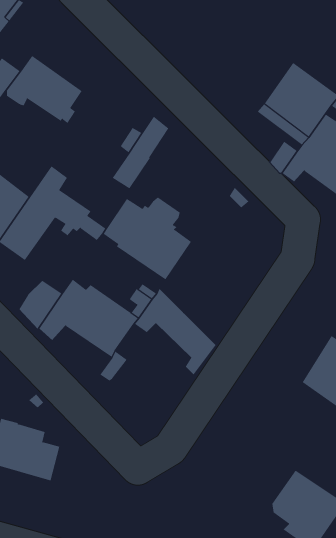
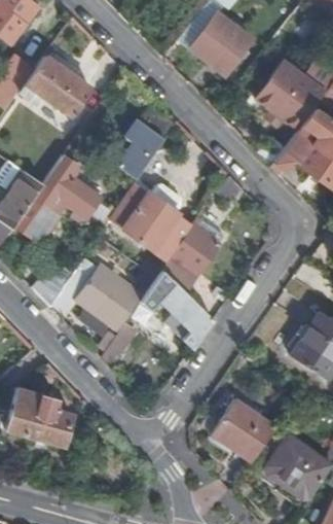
building: none -> [190,12,251,74]
building: none -> [162,217,224,290]
building: none -> [211,398,275,462]

